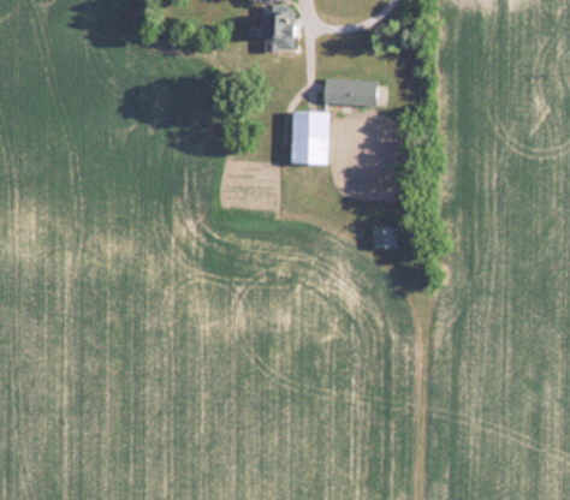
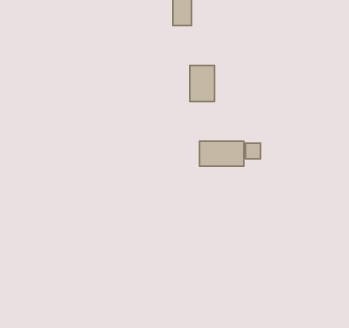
building: [325,81,378,105] -> none
building: none -> [199,141,244,166]

